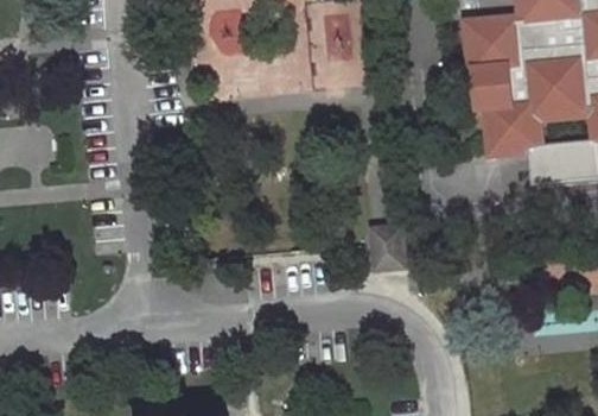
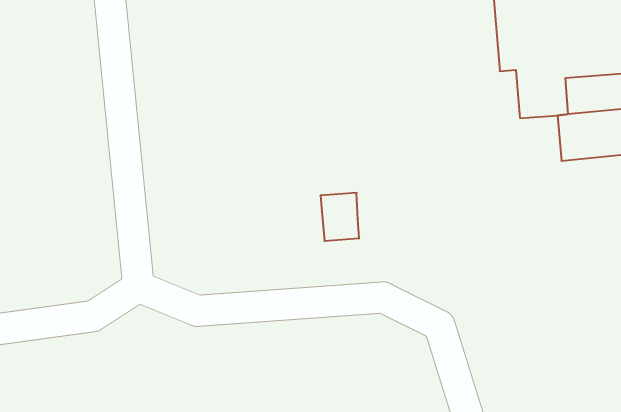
building: [369,225,403,267] -> [320,193,359,241]

